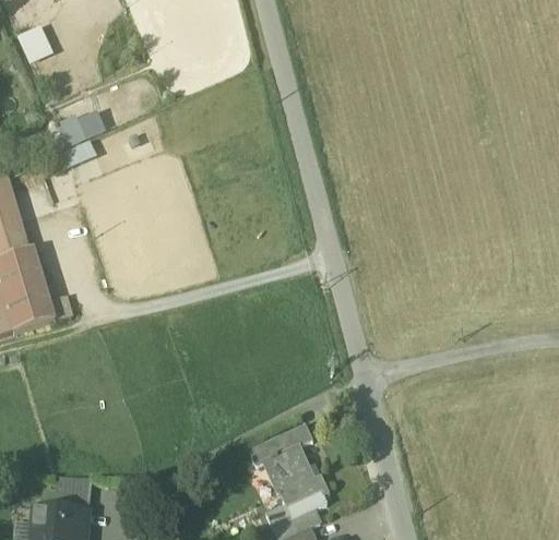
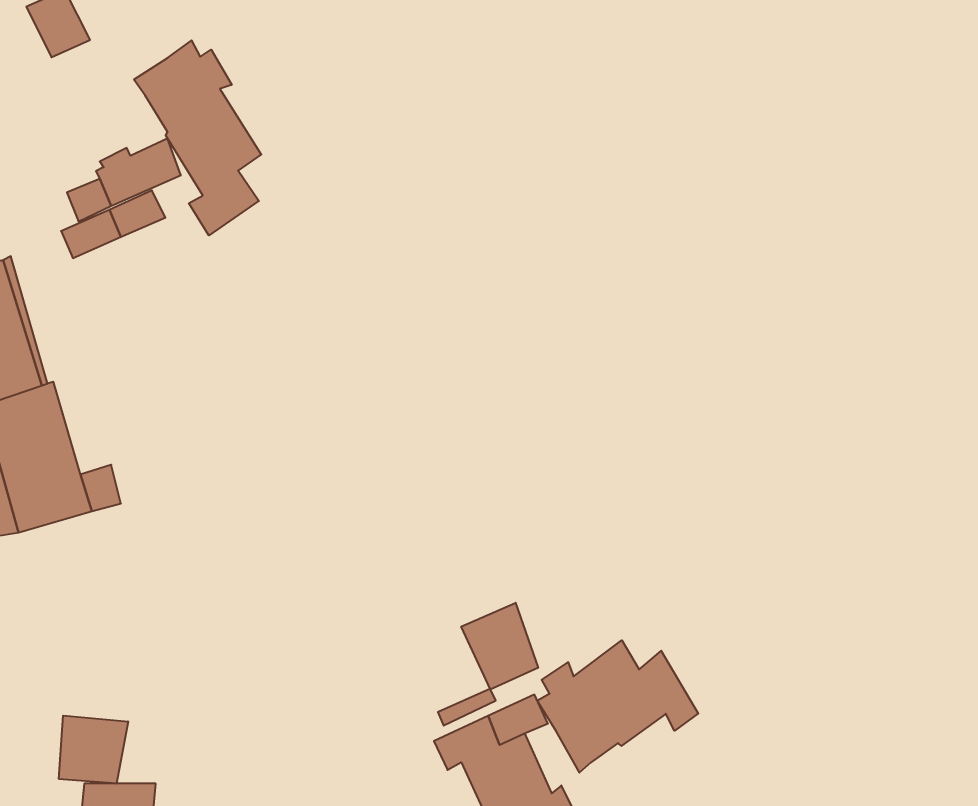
building: none -> [134,40,261,235]
building: none -> [461,603,538,690]
building: none -> [537,640,698,773]
building: none -> [59,716,128,784]

